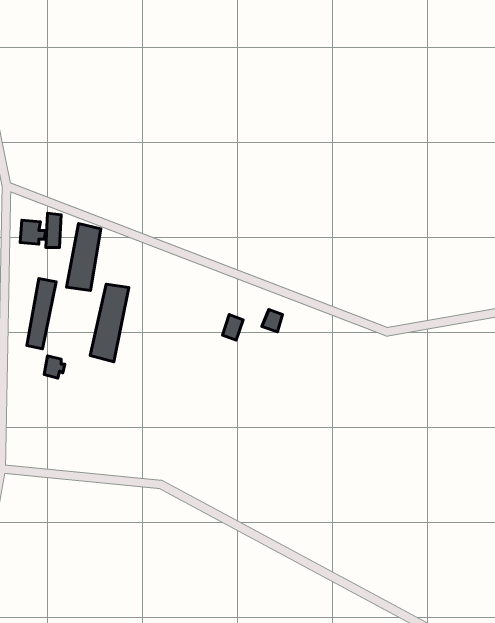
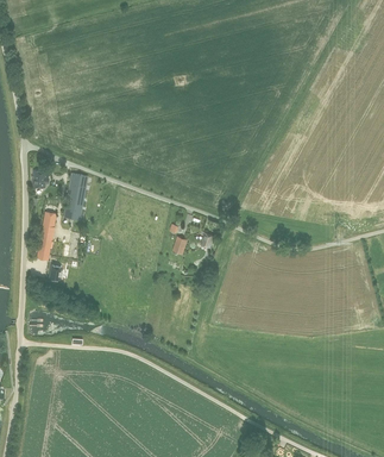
building: [90,284,129,362] -> none

